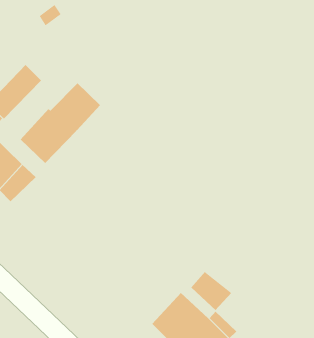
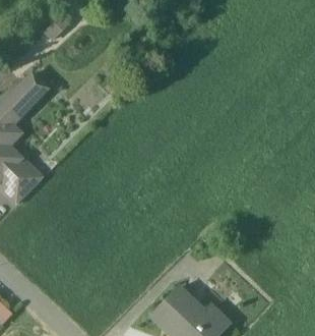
building: [20,82,101,164] -> none
building: [191,271,232,311] -> none

